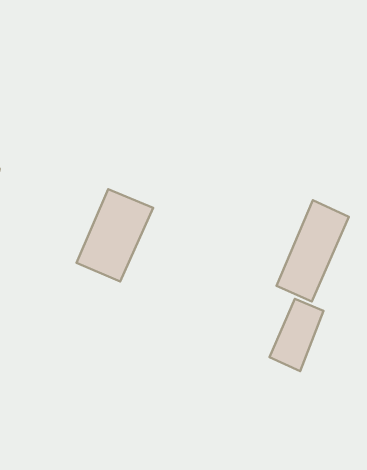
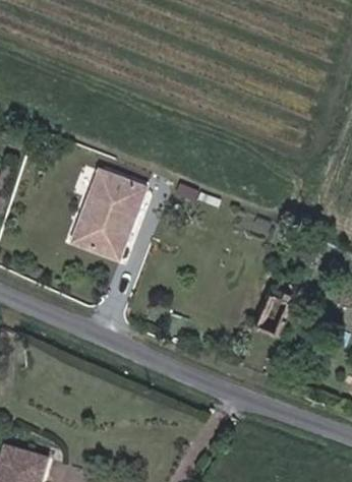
building: [277,200,349,302] -> none

